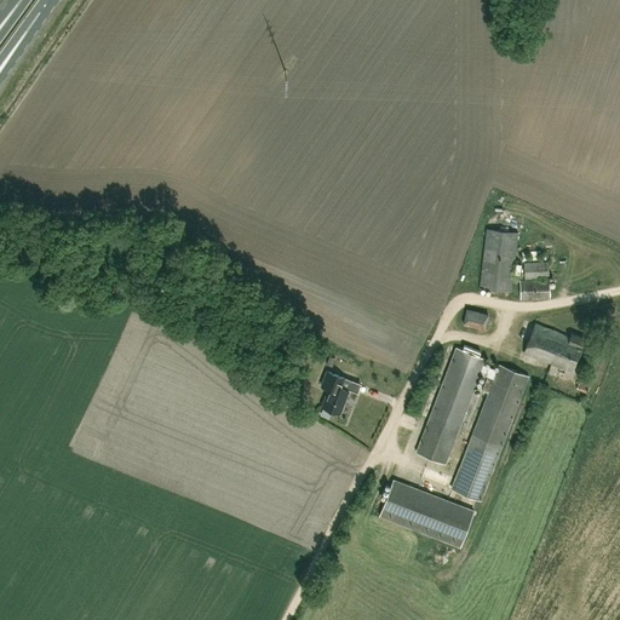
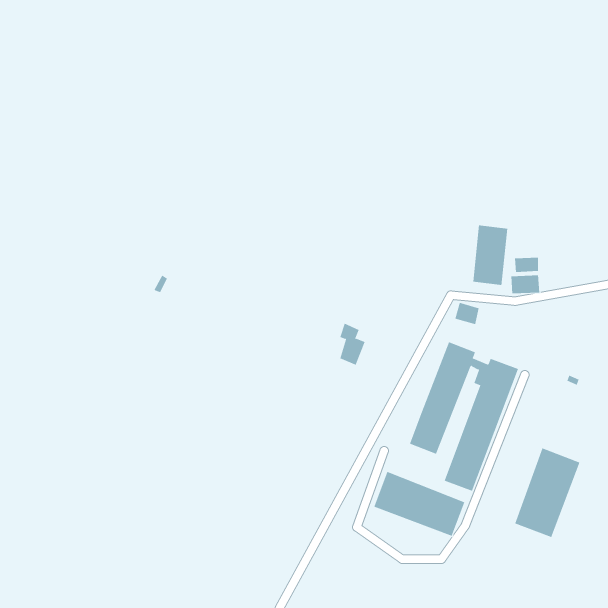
building: [523,323,586,373] -> none
building: [322,371,349,414] -> [339,323,366,366]
building: none -> [515,447,580,538]

